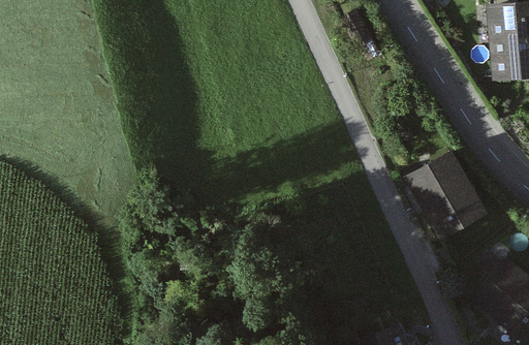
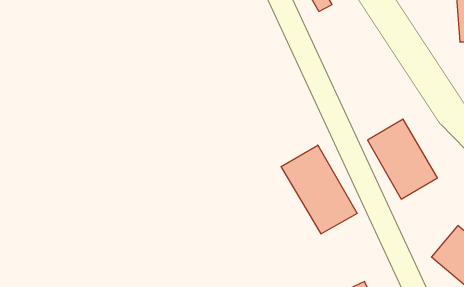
building: none -> [281,145,357,234]

